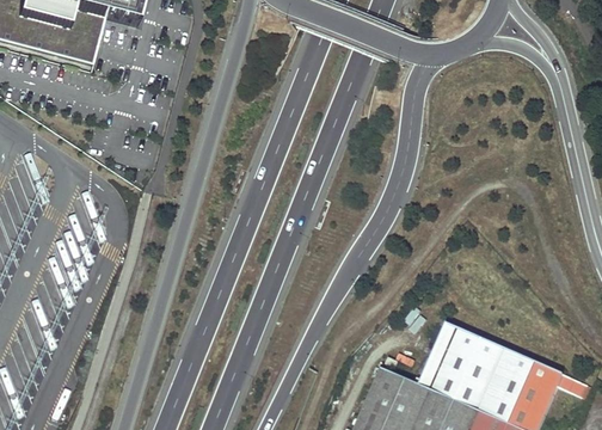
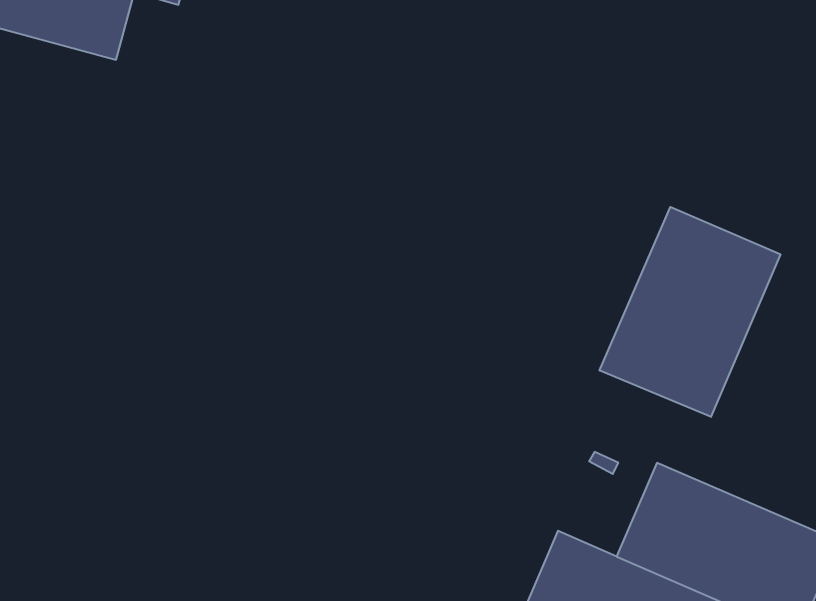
building: none -> [600,207,780,417]

